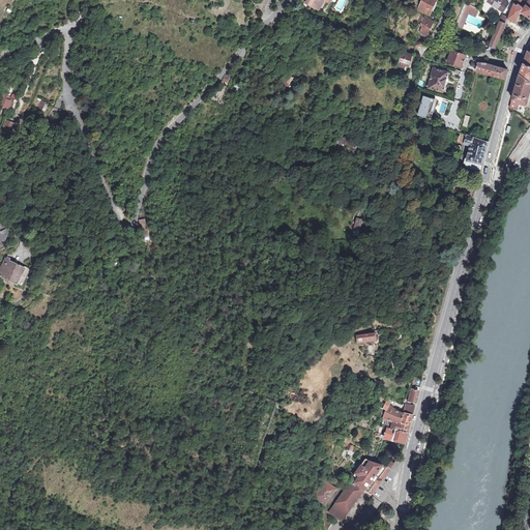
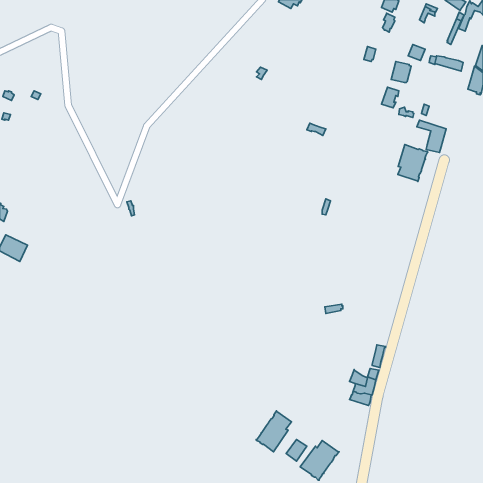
building: none -> [398,145,428,182]
building: none -> [256,411,292,452]
building: [352,459,389,494] -> none

